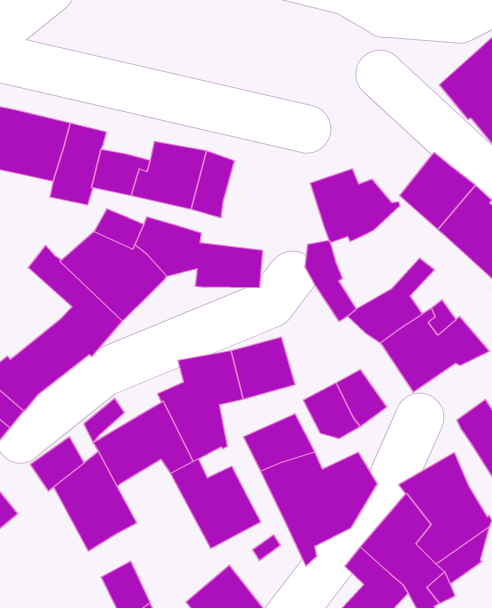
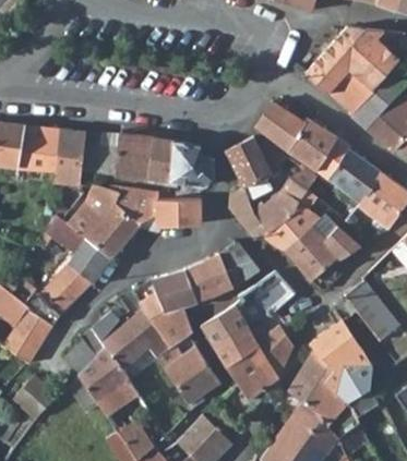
building: none -> [255,101,304,150]
building: none -> [169,141,213,185]
building: none -> [253,157,315,230]
building: none -> [219,242,263,286]

